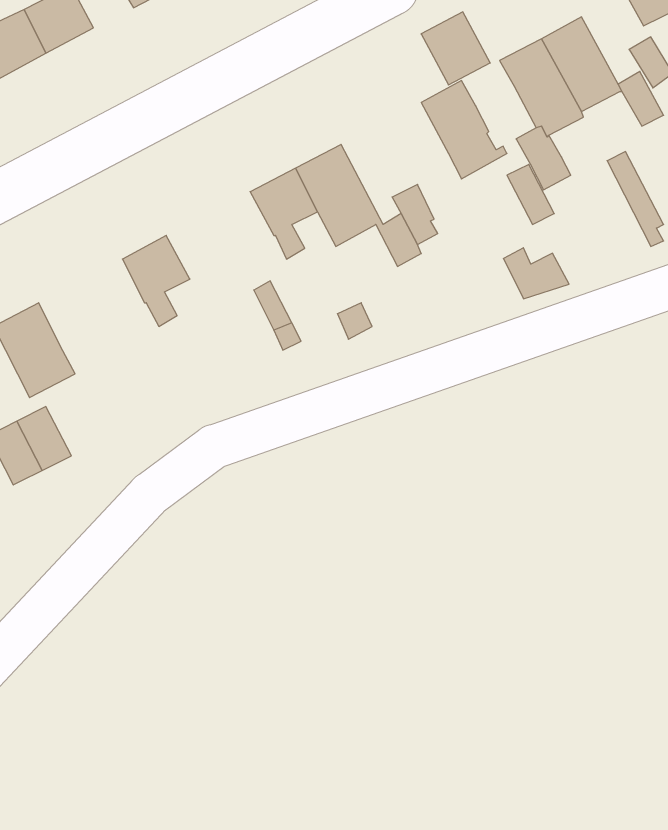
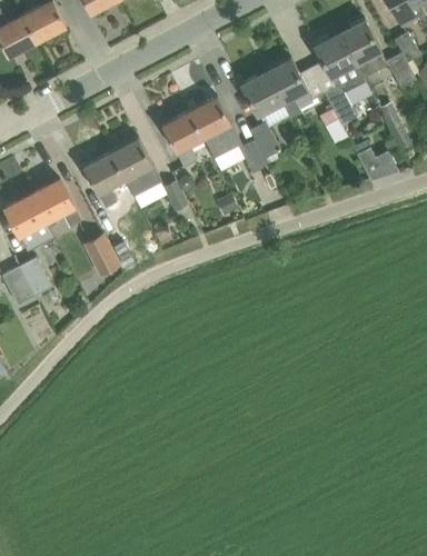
building: [421,12,490,85] -> [240,71,282,116]
building: none -> [110,138,161,196]
building: [503,248,569,299] -> [357,148,397,179]
building: none -> [32,179,80,227]
building: none -> [83,232,120,275]

